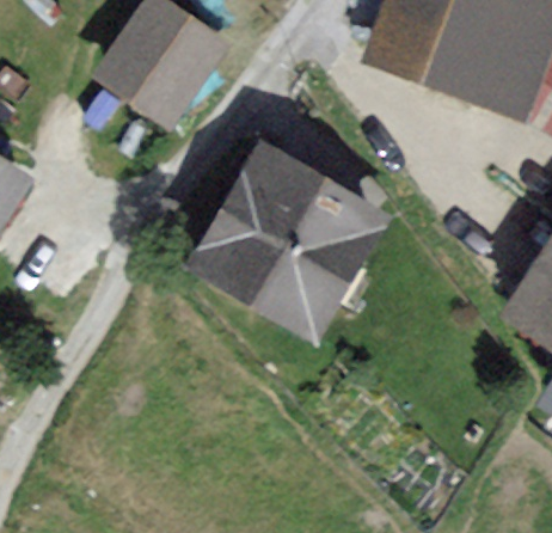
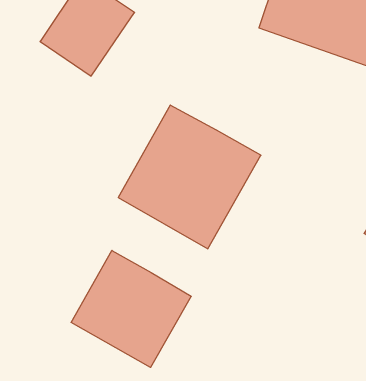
building: none -> [71,250,191,367]

